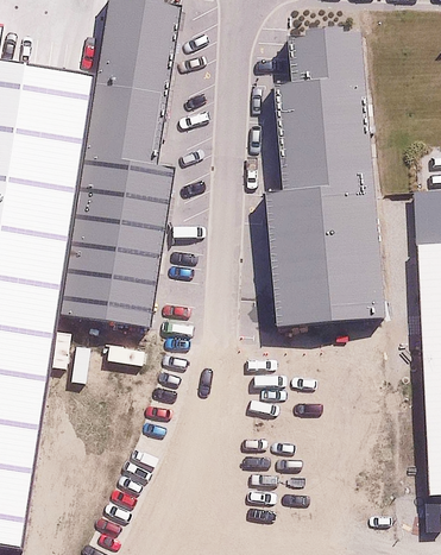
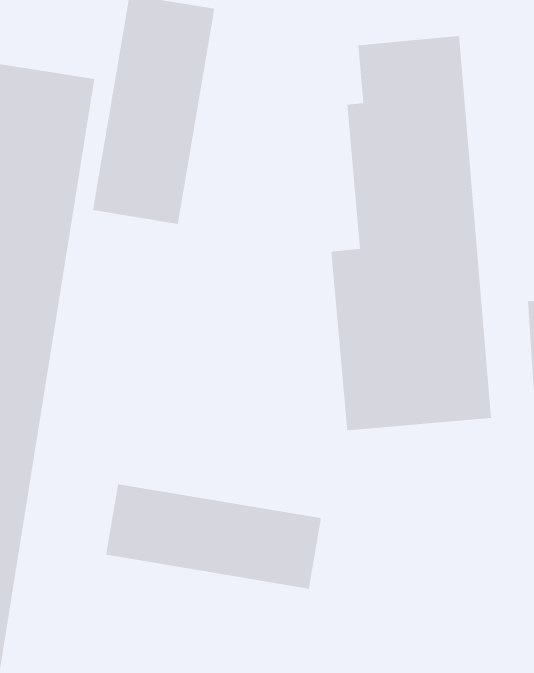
building: [61,162,174,332] -> none
building: none -> [105,483,321,589]

